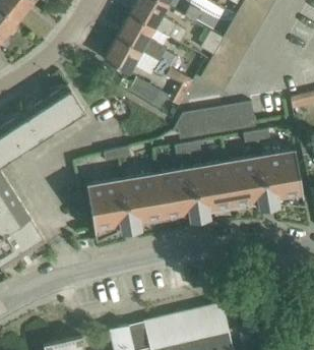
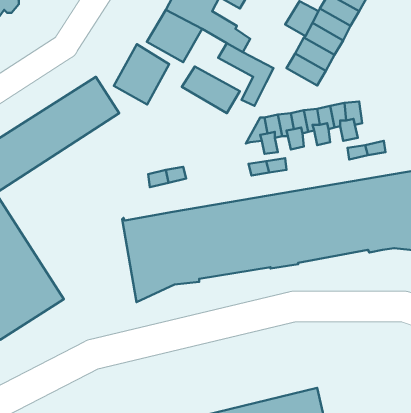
building: none -> [114,44,169,104]

